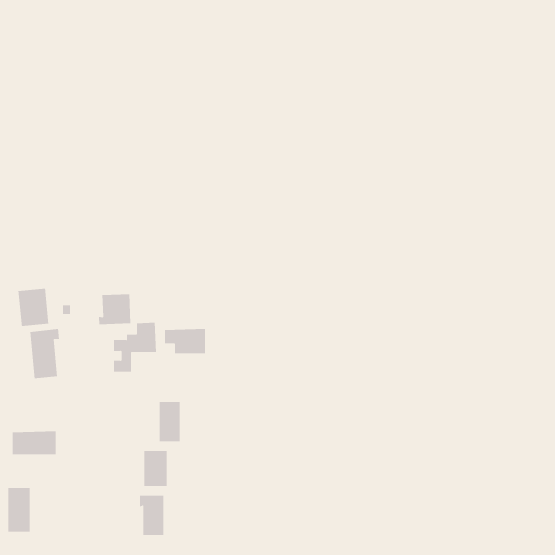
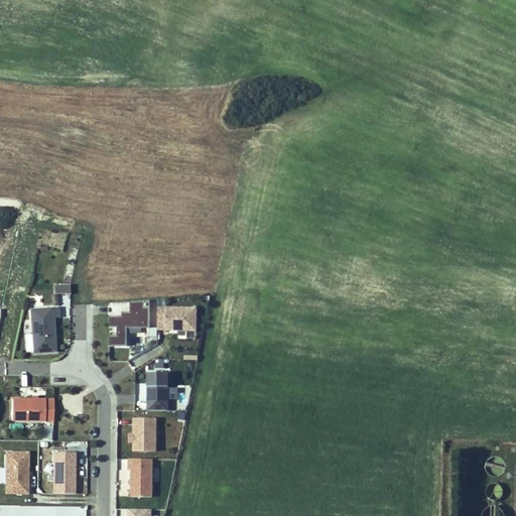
building: [18,288,49,327] -> none
building: [99,294,131,325] -> none
building: none -> [54,453,76,495]

